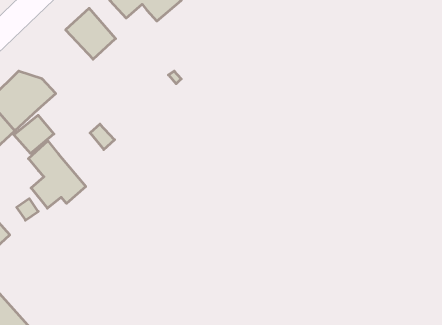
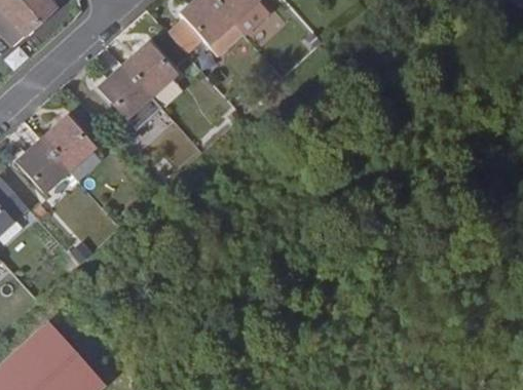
building: none -> [99,65,152,119]
building: [28,141,86,208] -> none

